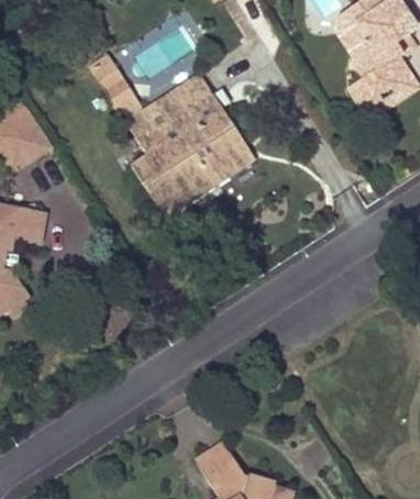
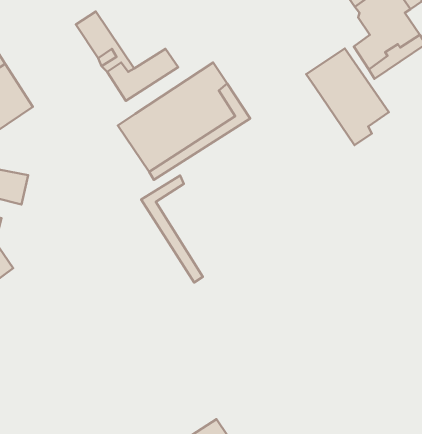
building: [137,70,220,154] -> none
building: none -> [306,49,389,145]
building: none -> [141,175,203,283]

